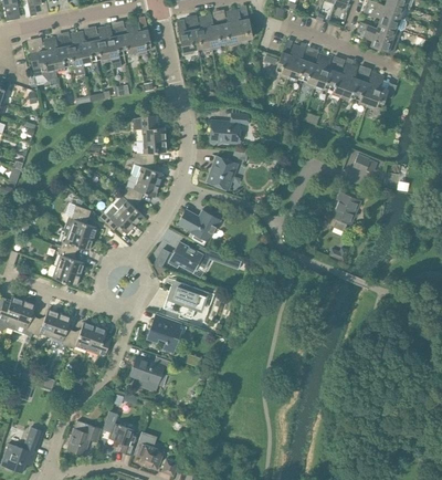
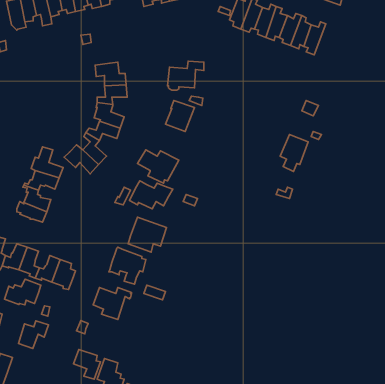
building: [366,73,397,109] -> none
building: none -> [4,279,41,305]
building: [67,424,99,453] -> [18,321,48,349]

